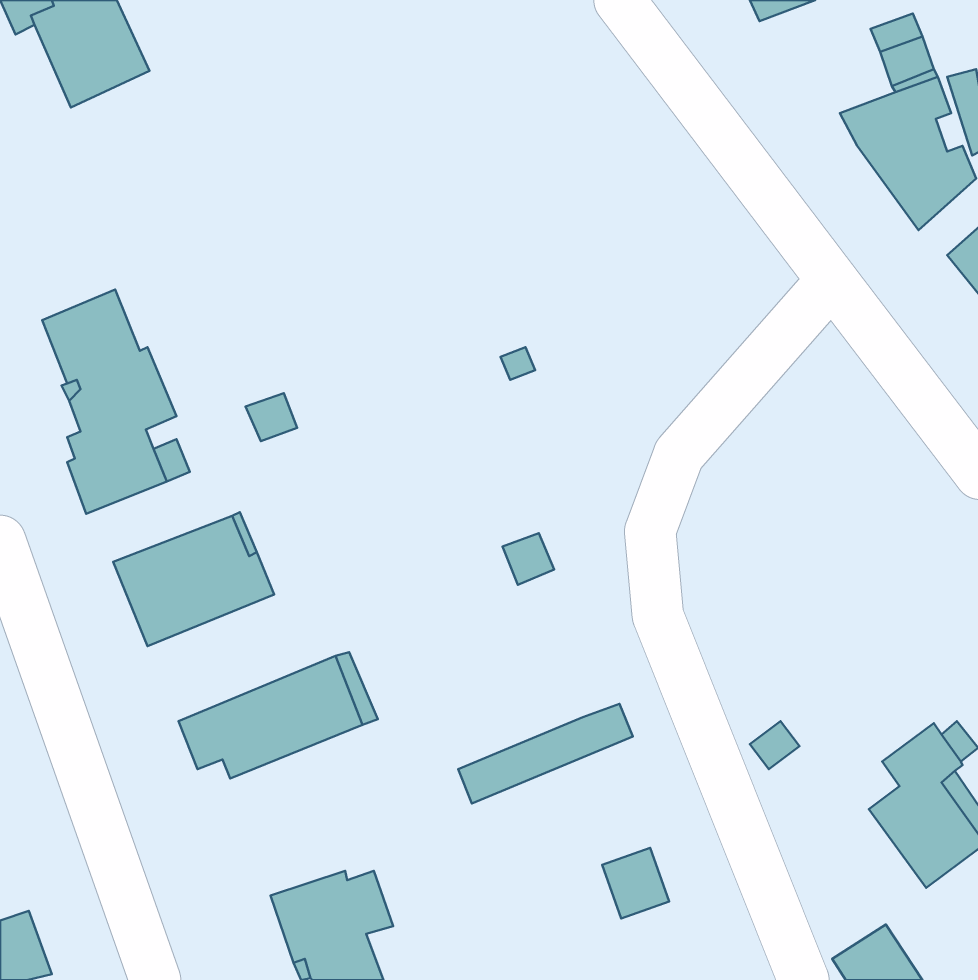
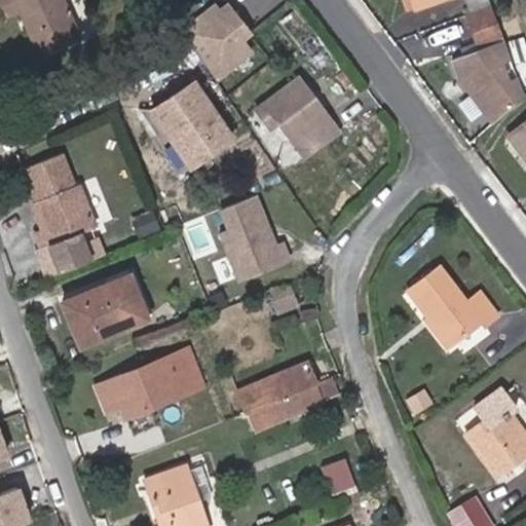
building: none -> [184,6,250,78]
building: none -> [259,79,338,154]
building: none -> [140,81,233,167]
building: none -> [218,195,285,279]
building: none -> [408,266,498,347]
building: none -> [237,364,313,412]

